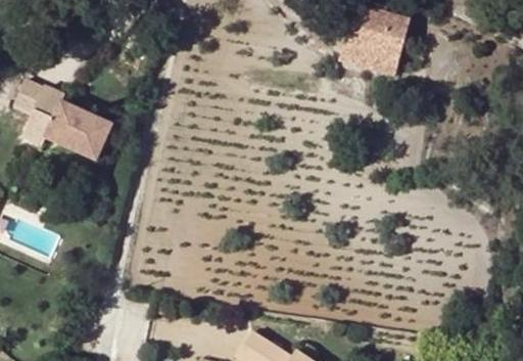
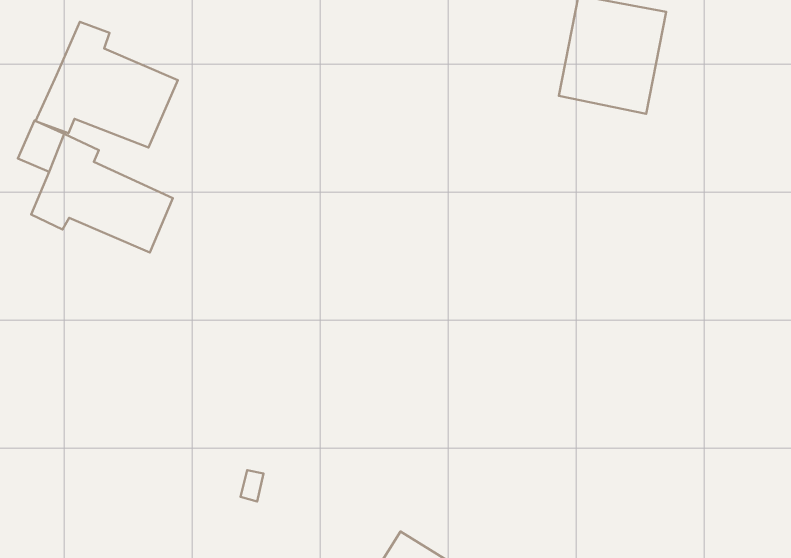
building: none -> [35,22,178,148]

